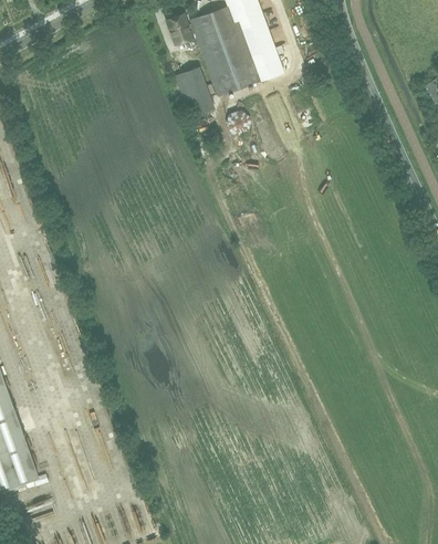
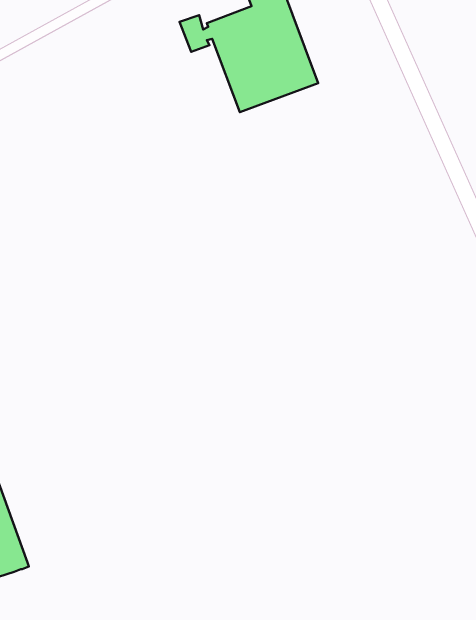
building: [175,67,213,118] -> none

